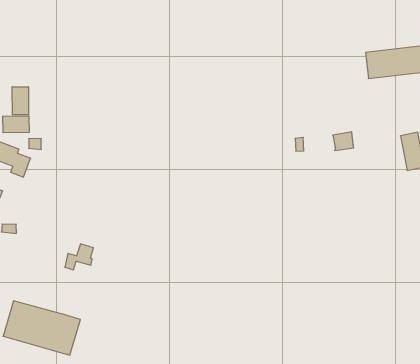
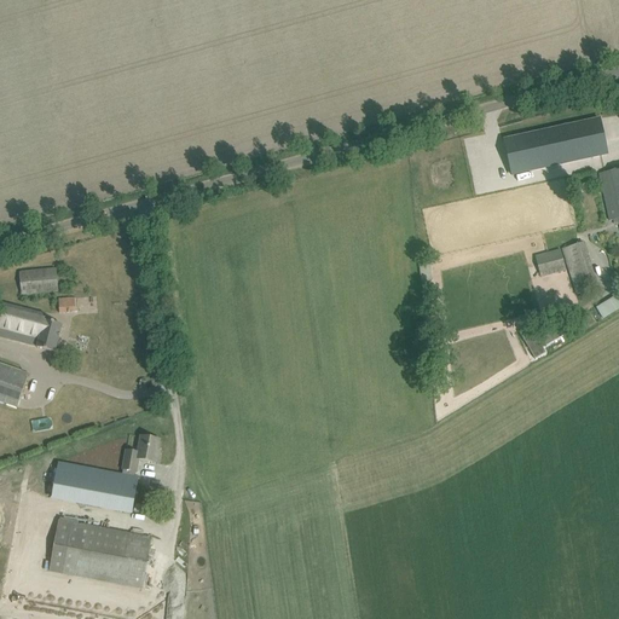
building: [12,87,29,115] -> none
building: [333,132,354,151] -> [534,247,565,274]
building: none -> [51,461,138,510]

